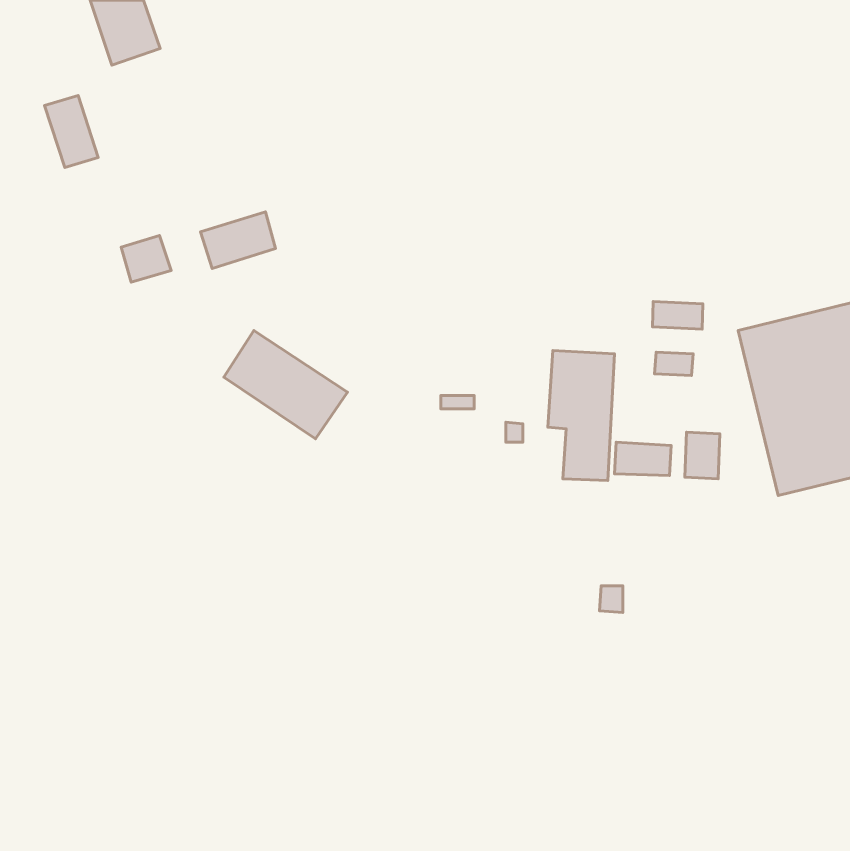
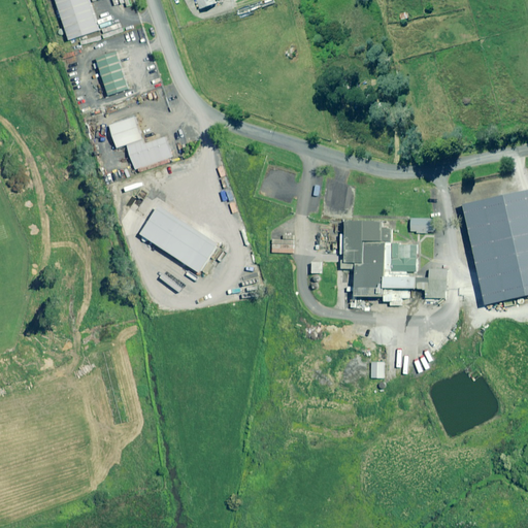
building: [45,96,98,167] -> [94,51,127,95]
building: [121,235,171,282] -> [109,117,140,145]
building: [653,301,703,329] -> none
building: none -> [389,242,414,273]

